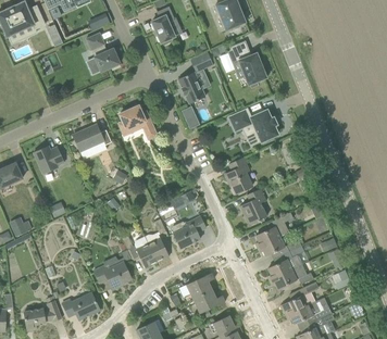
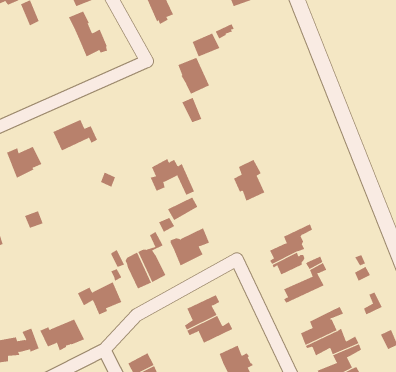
building: [230,41,266,87] -> none
building: [118,106,157,138] -> [150,158,195,195]
building: [229,110,277,141] -> none
building: [239,188,267,225] -> none
building: [270,264,313,288] -> none

